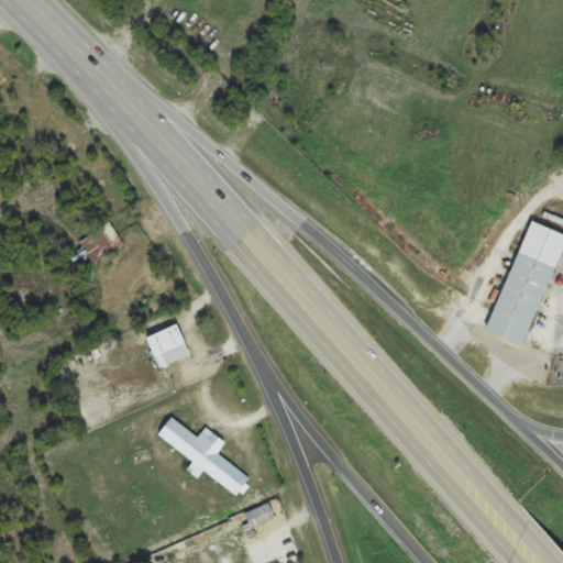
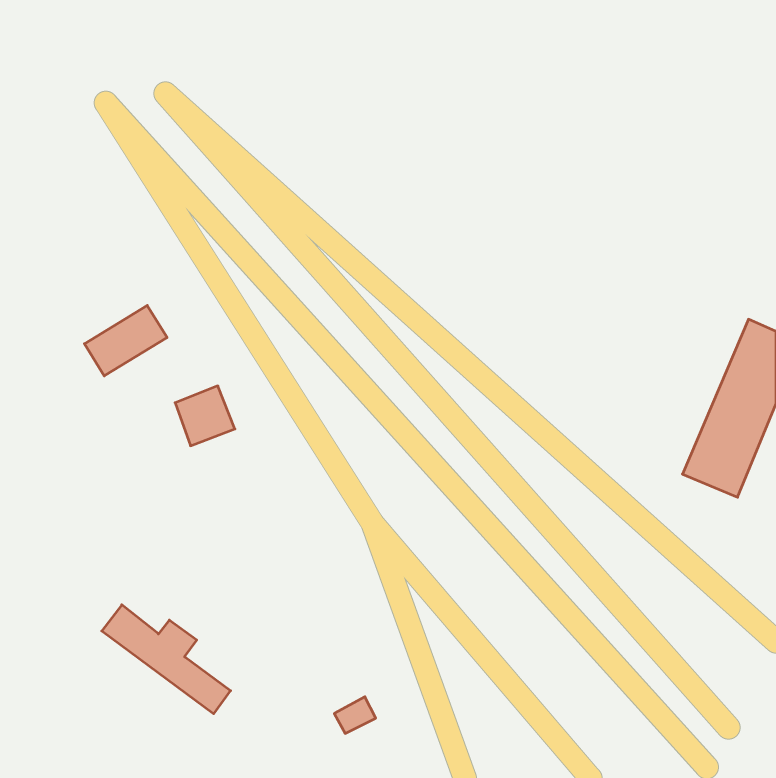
building: [143,321,186,364] -> [175,386,235,446]
building: [153,413,245,492] -> [102,605,231,714]

